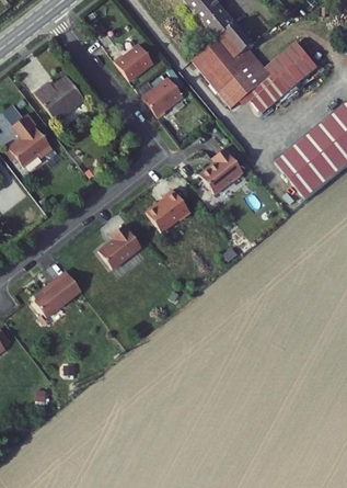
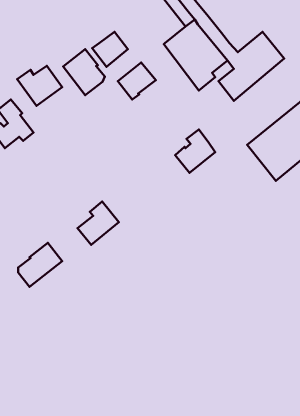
building: none -> [63,49,105,95]
building: [147,190,192,232] -> none

